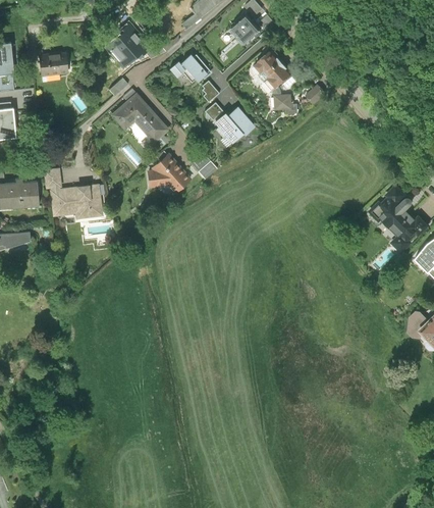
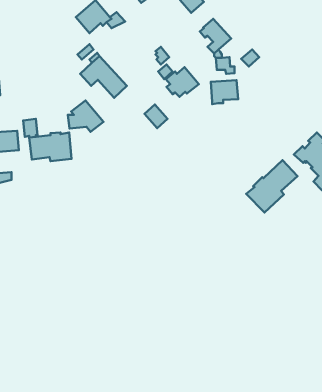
building: [40,52,67,75] -> none
building: [170,55,212,83] -> none
building: none -> [211,80,238,104]
building: [148,154,191,192] -> [68,101,103,132]
building: none -> [246,160,298,212]

